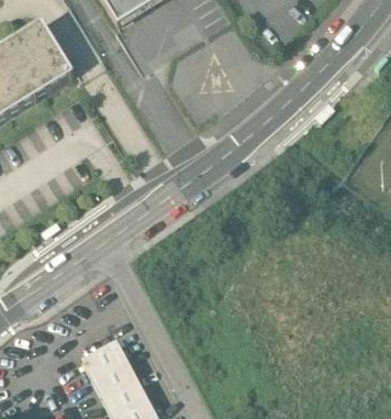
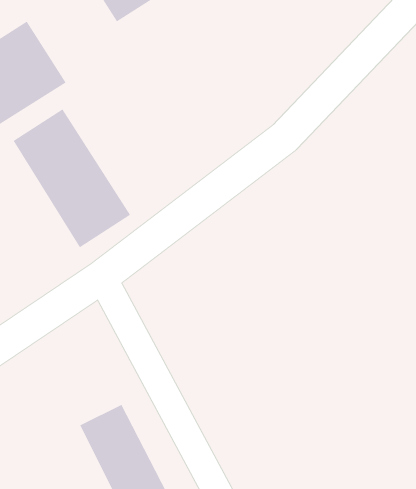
building: none -> [13,109,131,248]

